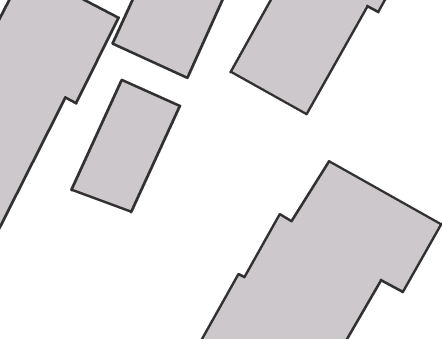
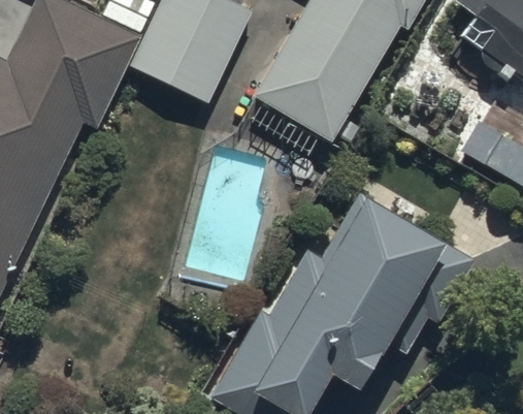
building: [72,80,180,212] -> none

